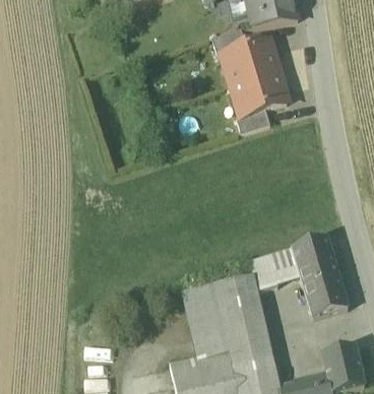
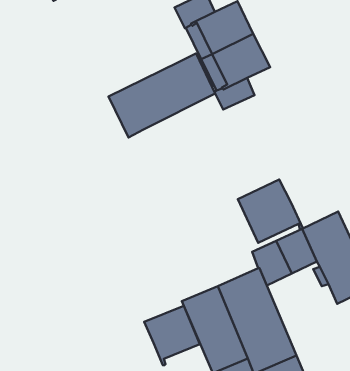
building: none -> [109,53,215,137]
building: none -> [238,179,303,243]
building: none -> [144,306,200,365]

